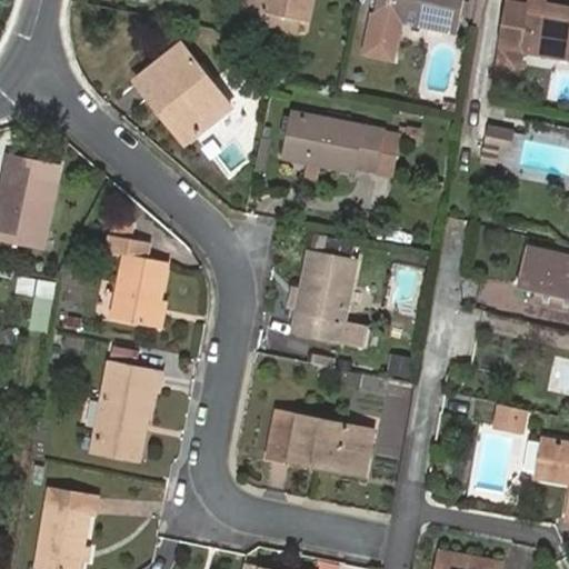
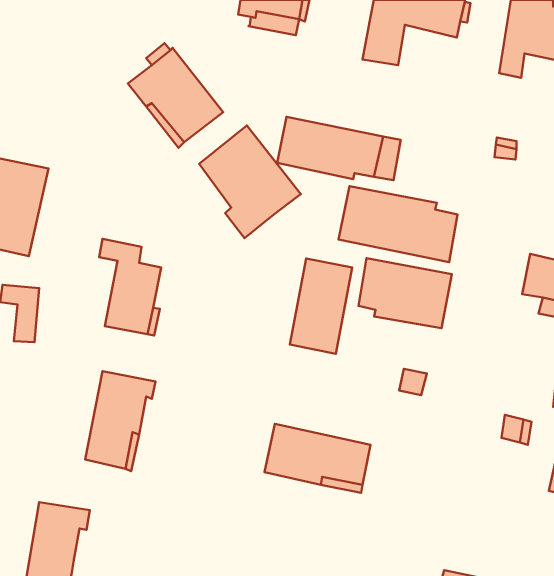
building: none -> [199,126,301,238]
building: none -> [338,186,457,262]
building: none -> [359,258,452,328]

